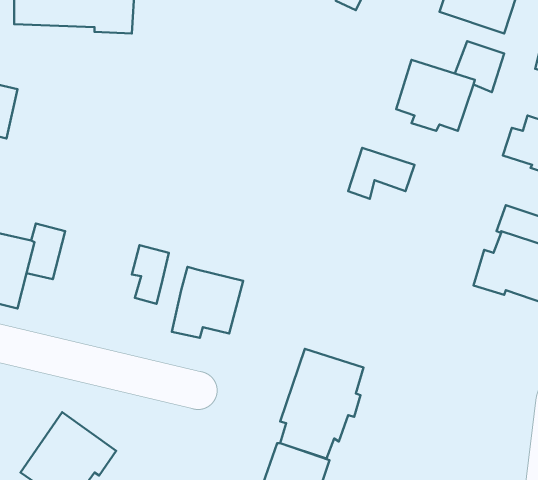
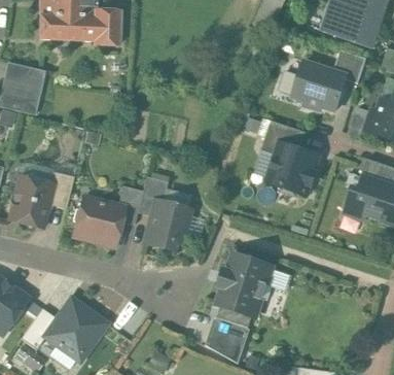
building: none -> [266,142,318,195]
building: none -> [137,176,167,215]
building: none -> [74,200,123,246]

